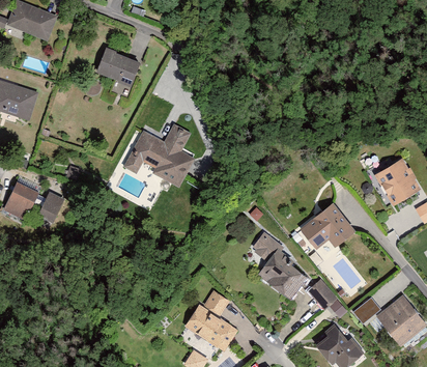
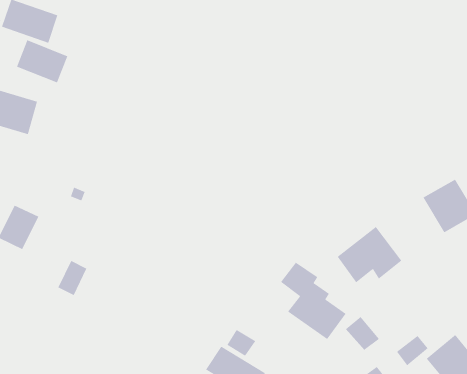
building: [95,48,141,86] -> [16,39,68,83]
building: [123,124,204,189] -> none
building: [38,191,64,222] -> [58,260,87,296]

